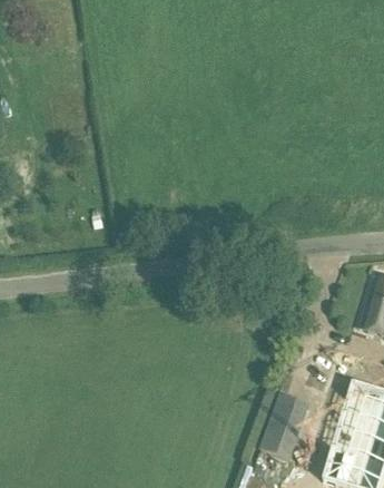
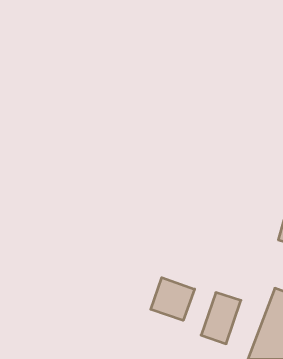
building: none -> [151,278,195,320]

